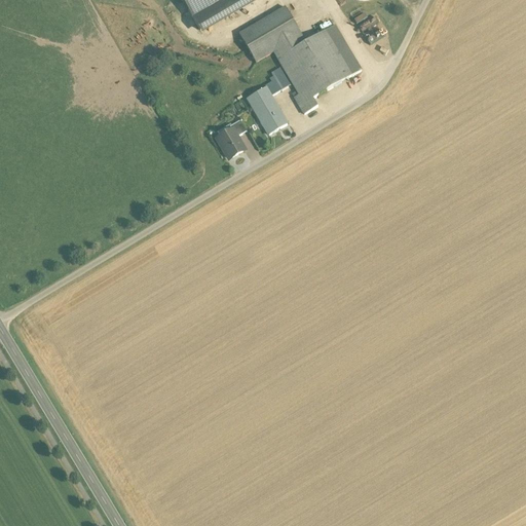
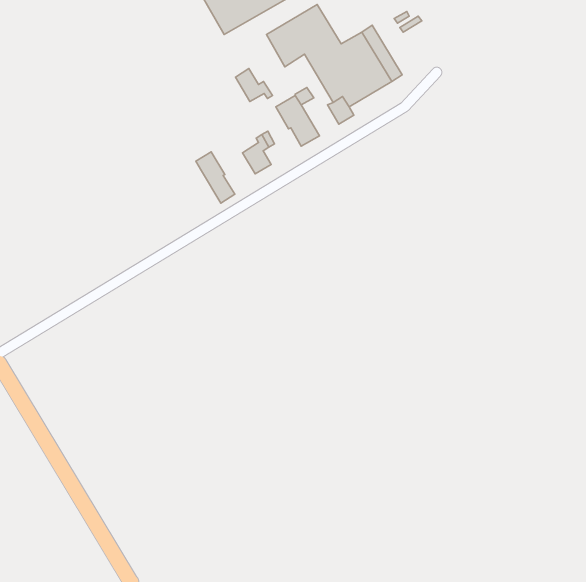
building: none -> [235,69,273,101]
building: none -> [196,152,235,203]

